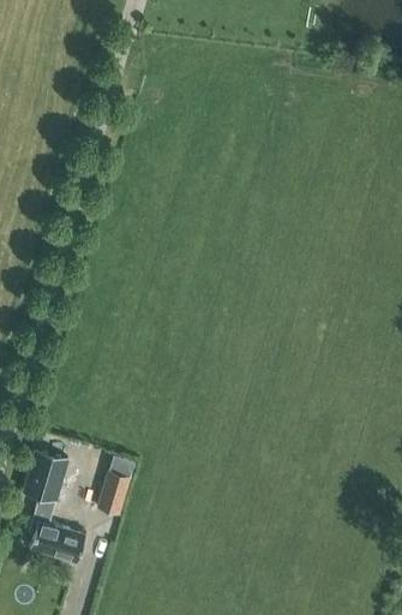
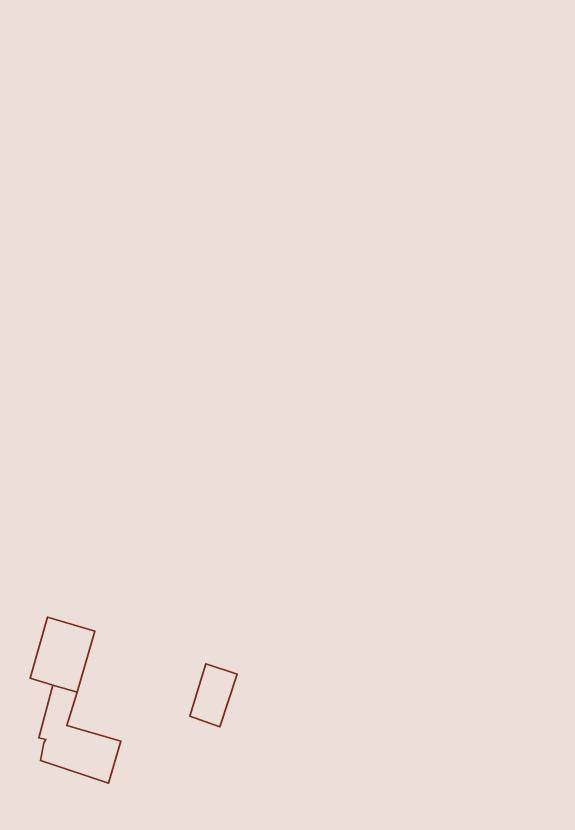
building: [96,472,128,515] -> [190,664,237,727]

